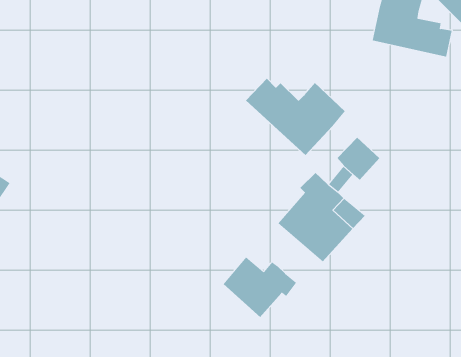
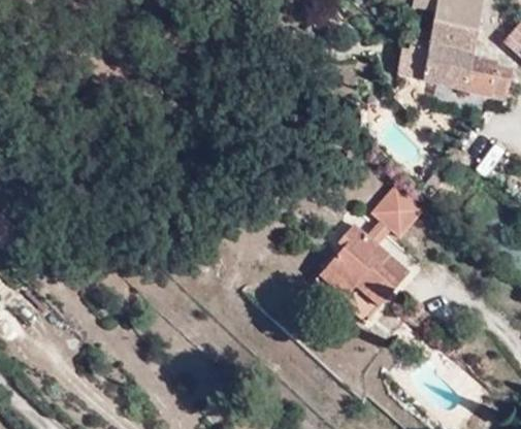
building: [245,78,346,156] -> none
building: [223,256,297,318] -> none

